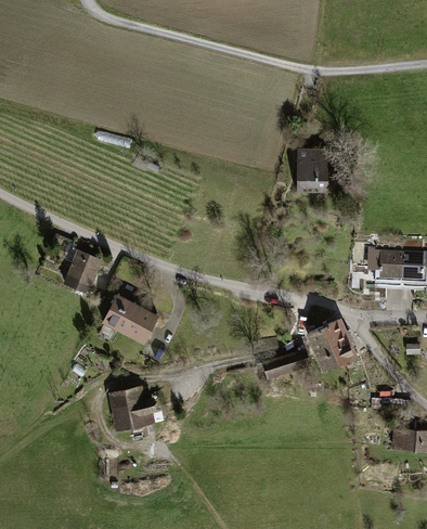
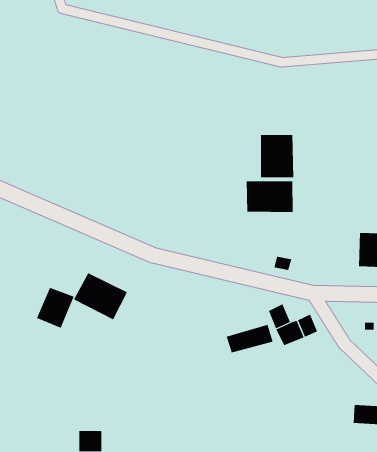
building: none -> [246,181,293,213]
building: [62,249,102,293] -> [36,287,74,328]
building: [366,249,401,286] -> none
building: [321,317,350,345] -> none
building: [106,385,156,431] -> none

